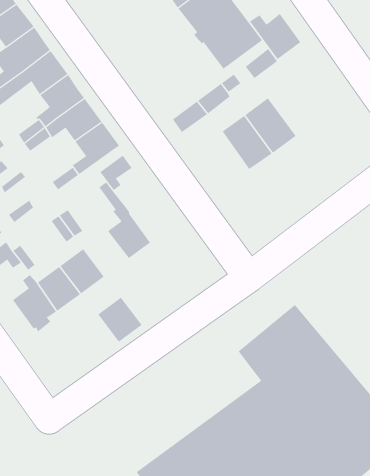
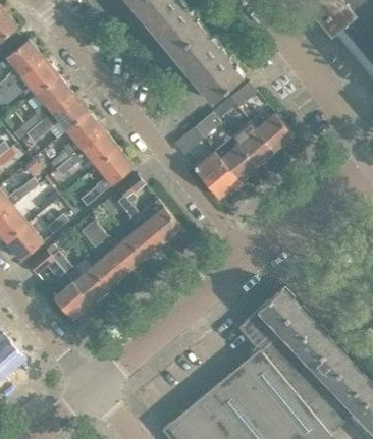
building: [249,13,301,60] -> [251,113,294,151]
building: none -> [194,151,243,198]
building: none -> [140,199,182,243]
building: [98,297,142,342] -> [109,236,146,273]

